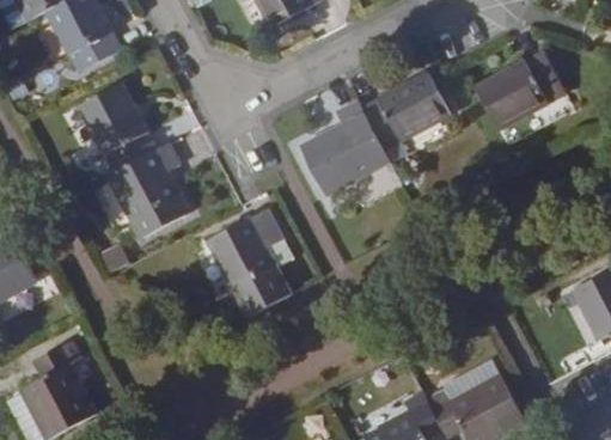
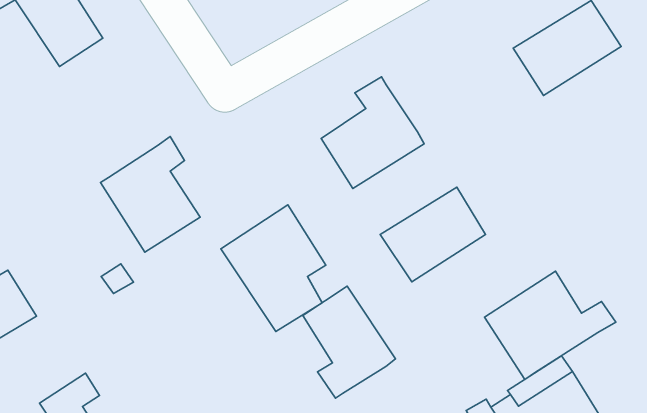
building: [359,74,450,153] -> [380,187,486,282]
building: [77,82,157,171] -> none
building: none -> [303,286,396,398]
building: none -> [484,271,616,379]

